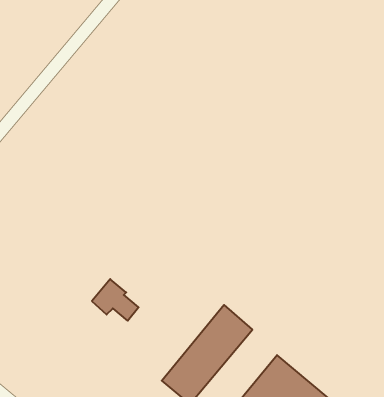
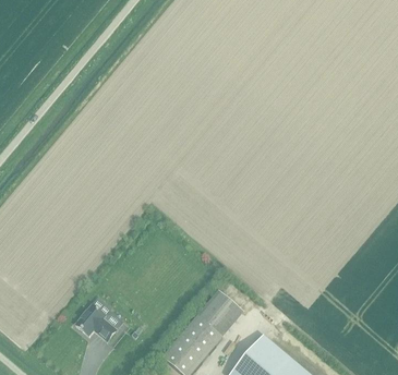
building: [92,279,139,321] -> [74,303,116,340]

